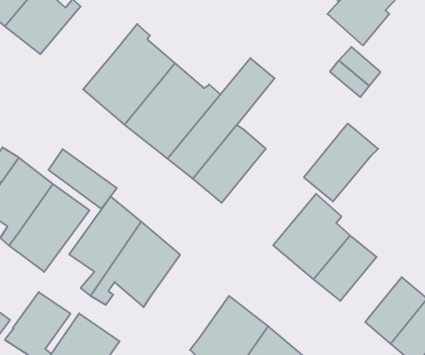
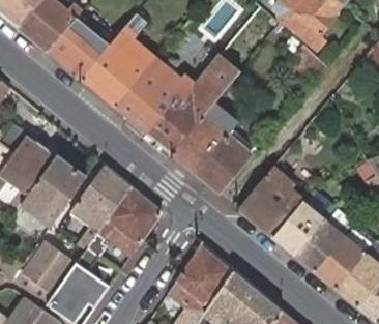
building: none -> [47,17,109,79]
building: [304,124,378,202] -> [196,127,257,192]
building: [48,149,117,209] -> none
building: none -> [293,216,344,270]

